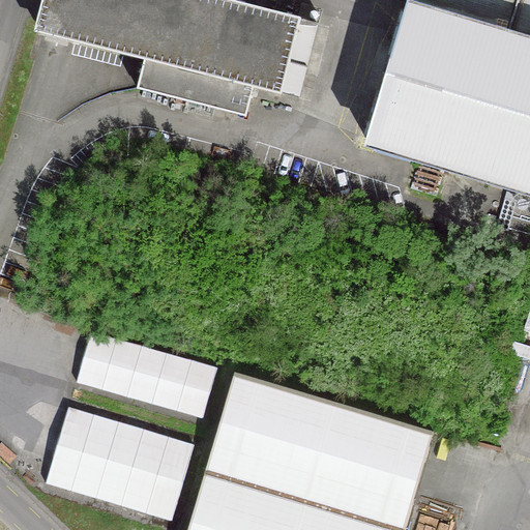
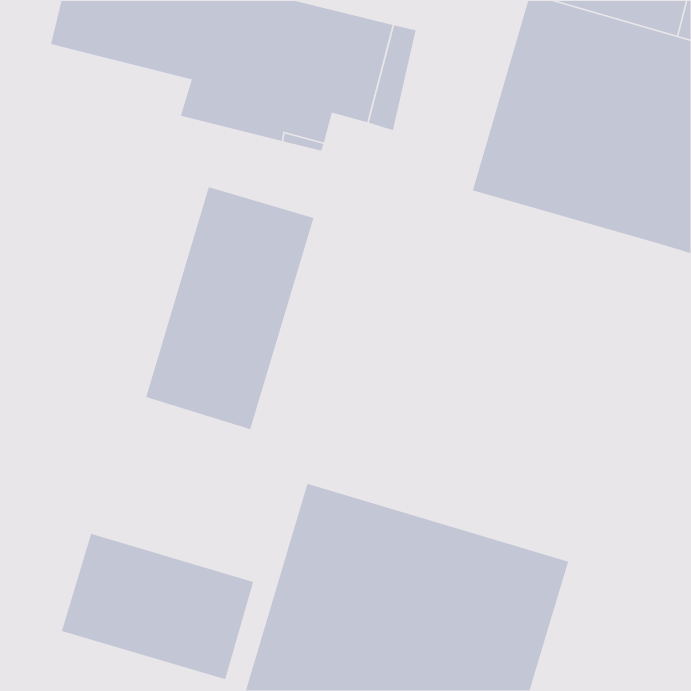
building: none -> [145,186,315,430]
building: [80,331,218,418] -> none

